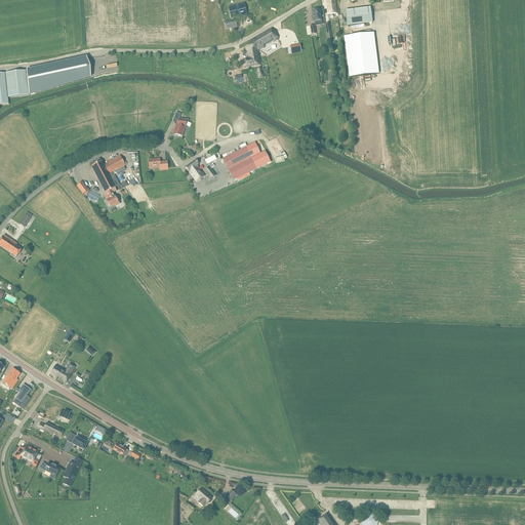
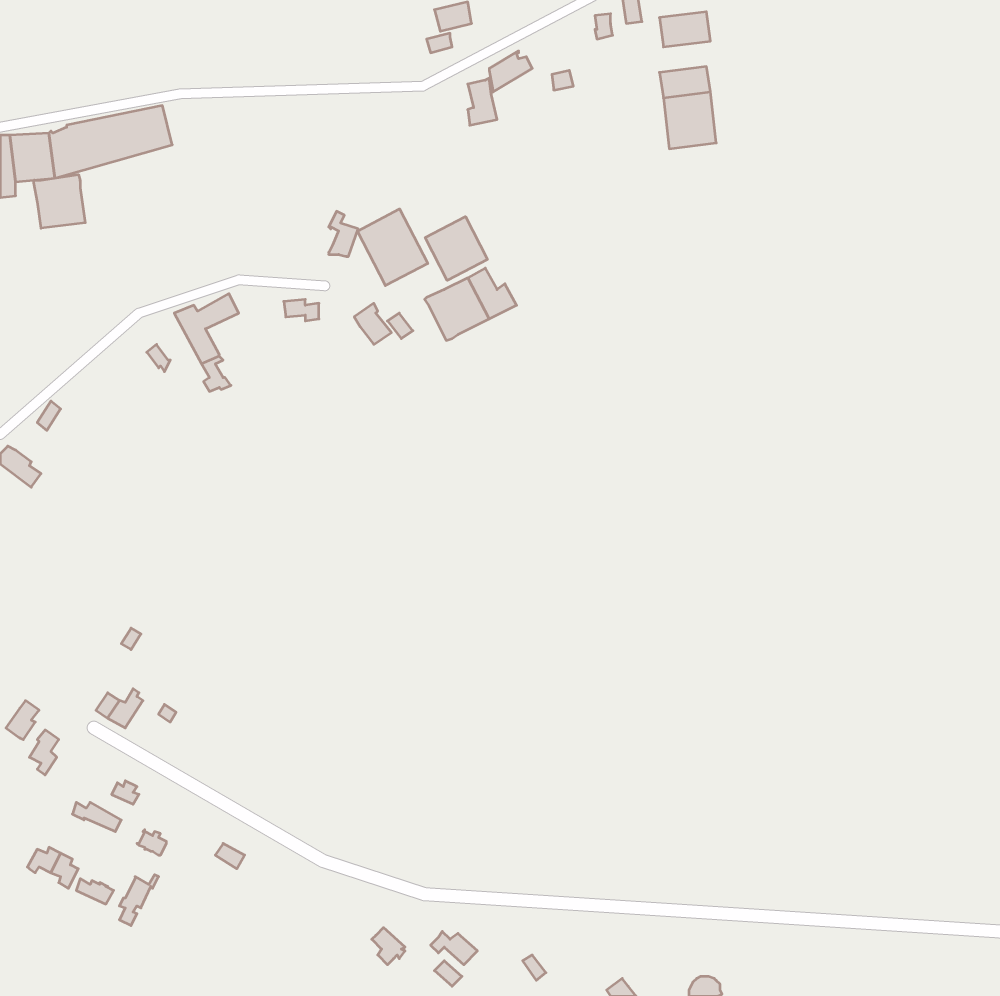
building: none -> [34,175,85,228]
building: none -> [357,209,428,286]
building: none -> [425,217,487,280]

